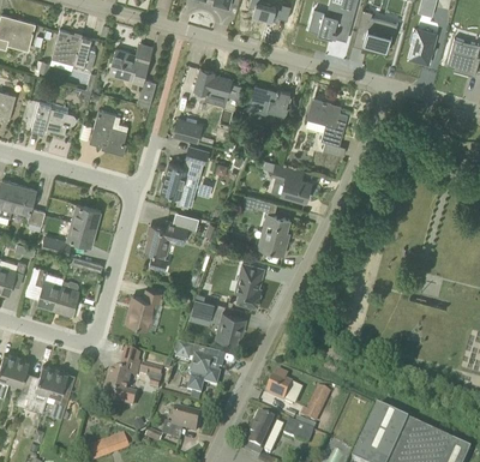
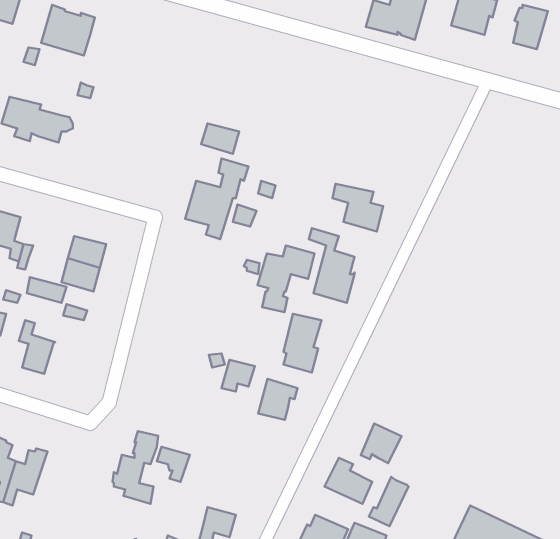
building: [109,47,156,107] -> none
building: [194,68,232,102] -> none
building: [248,84,290,115] -> none
building: [307,98,348,152] -> none
building: [89,109,128,154] -> none
building: [145,220,188,270] -> [257,246,314,312]
building: [54,280,79,314] -> none
building: [126,289,161,328] -> none
building: [175,343,223,395] -> none
building: none -> [361,424,402,463]
building: [46,367,72,404] -> none

